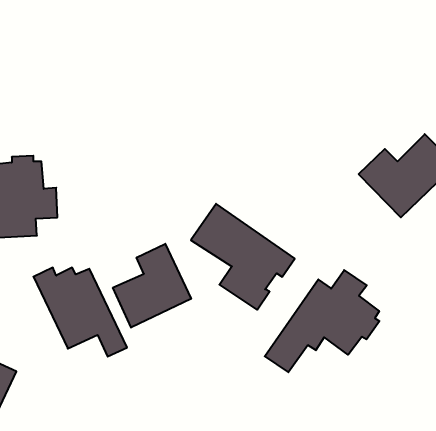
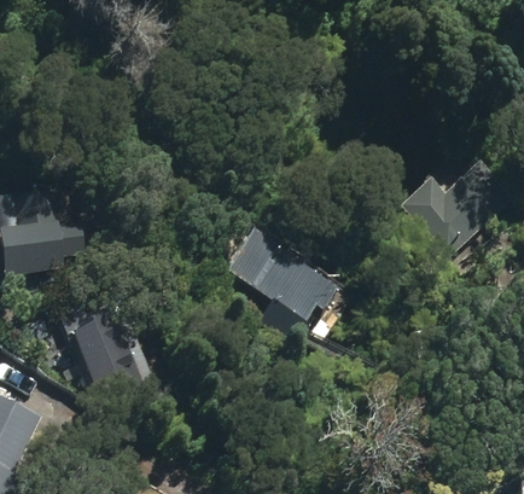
building: [113,244,191,328] -> none
building: [265,270,379,372] -> none

